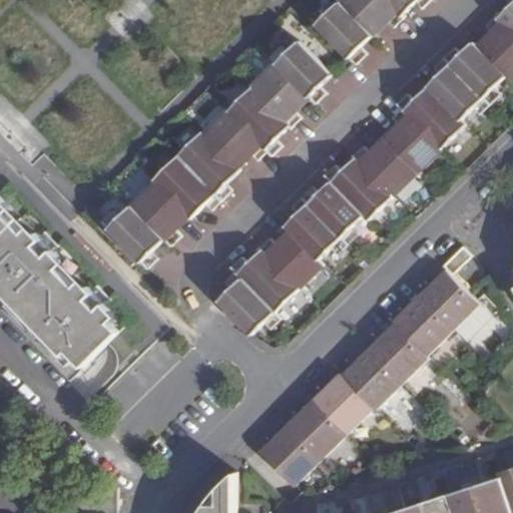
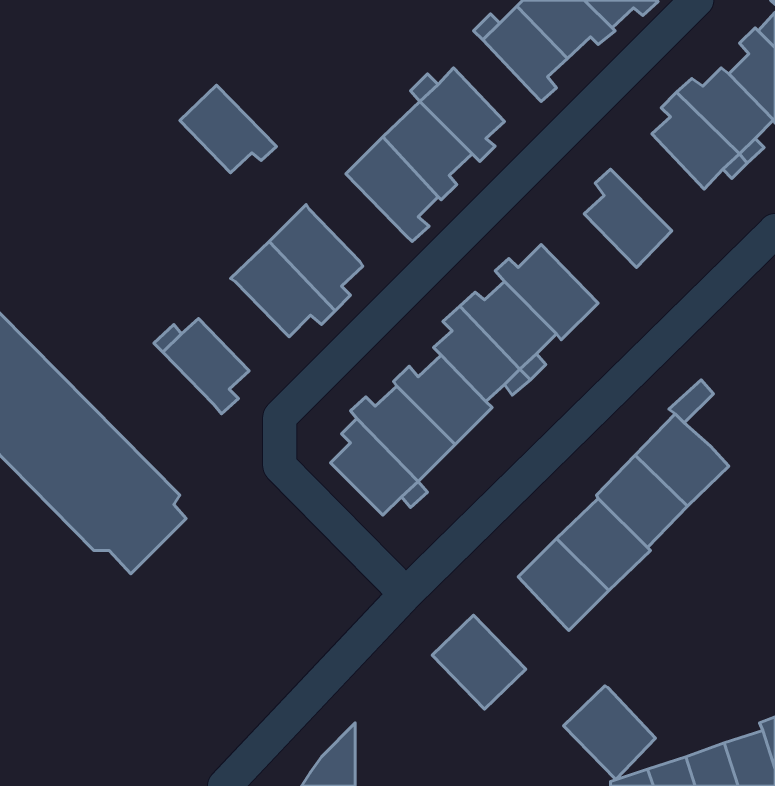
building: [395,87,463,150] -> none
building: [201,113,265,170] -> [180,85,277,173]
building: [351,139,415,197] -> none
building: [129,183,186,247] -> none
building: [309,375,369,436] -> [563,686,656,780]
building: [255,427,316,487] -> none

